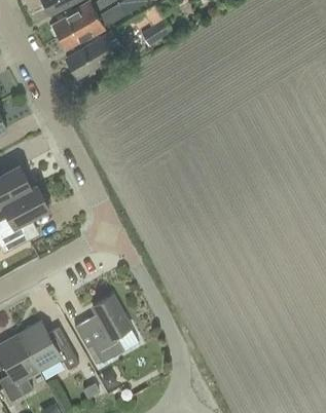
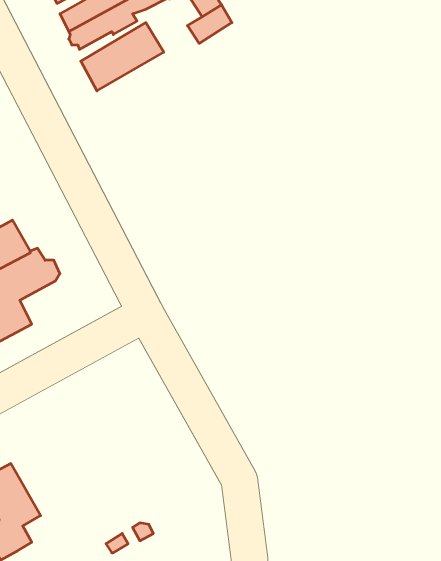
building: [74,296,131,365] -> none
building: [17,322,78,371] -> none

